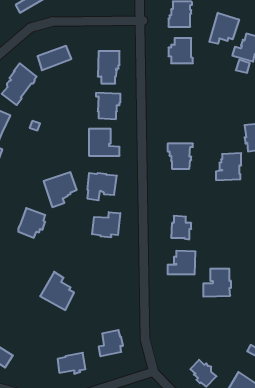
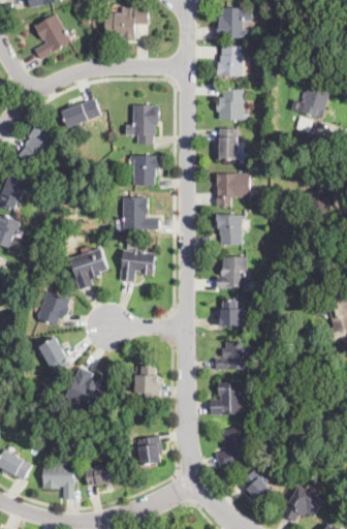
building: [209,13,239,44] -> none
building: none -> [219,127,236,159]
building: none -> [216,173,249,206]
building: [216,153,241,180] -> [216,255,246,287]
building: [92,212,120,237] -> none
building: none -> [39,338,71,373]
building: [203,269,231,297] -> [209,381,242,414]
building: none -> [134,366,158,397]
building: none -> [215,425,252,467]
building: none -> [43,463,74,499]

